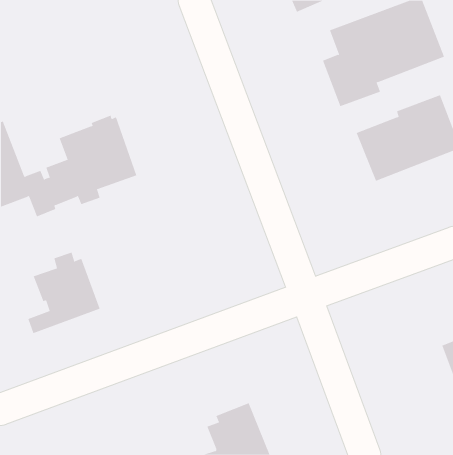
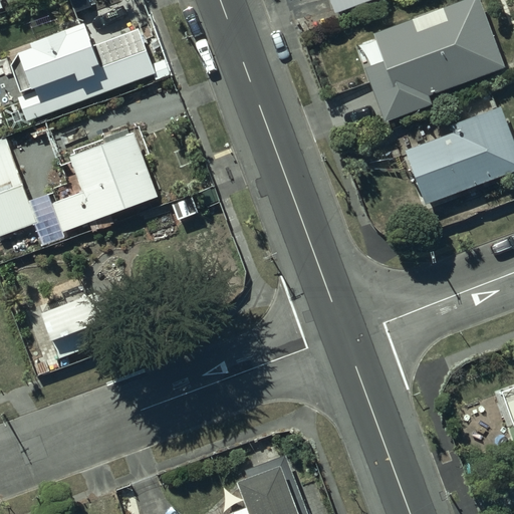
building: none -> [9,29,150,128]

